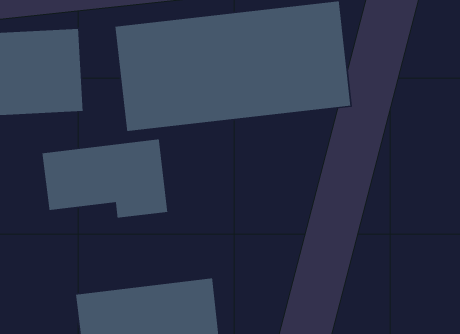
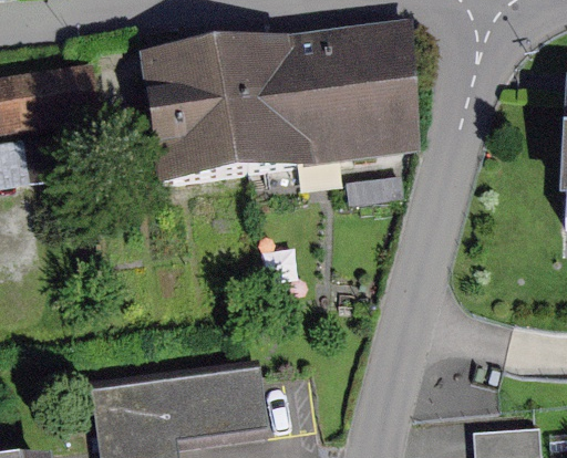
building: [42,139,168,218] -> none

